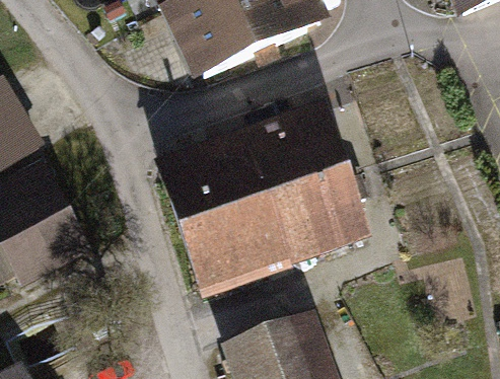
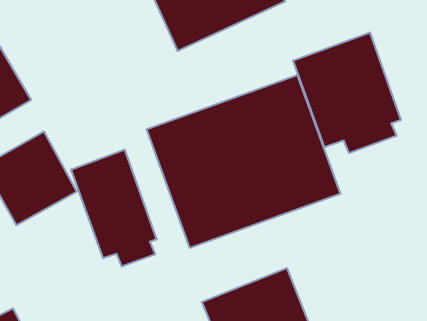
building: none -> [293,32,401,153]
building: none -> [71,150,157,267]

